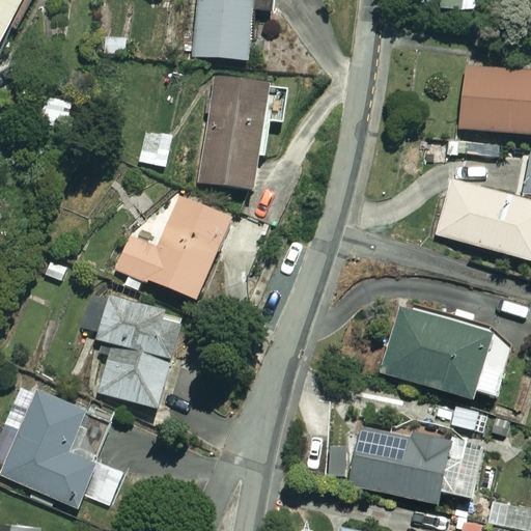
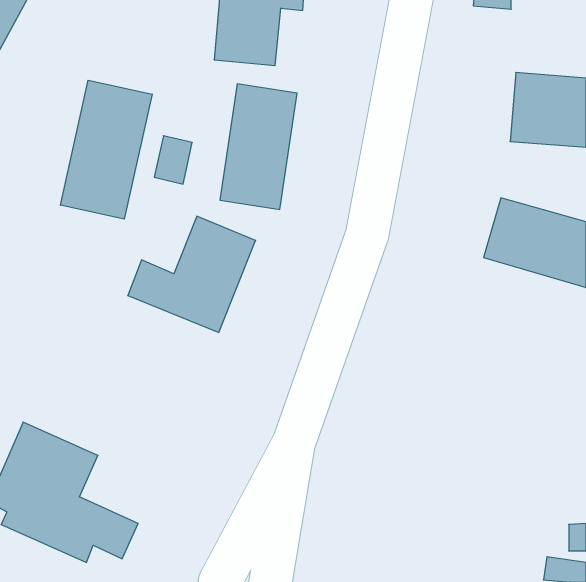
building: none -> [60,80,152,219]
building: [79,287,188,409] -> none
building: [381,306,511,399] -> none
building: [347,426,481,503] -> none

